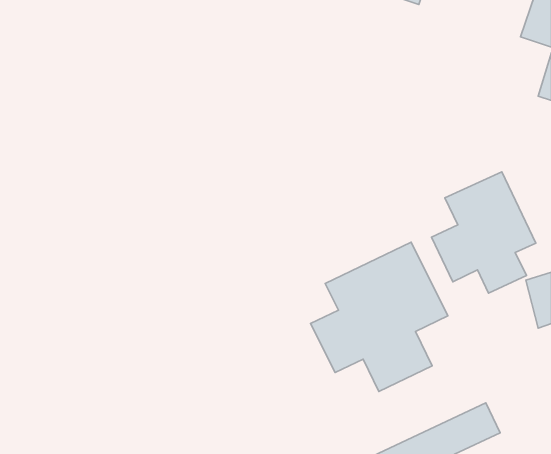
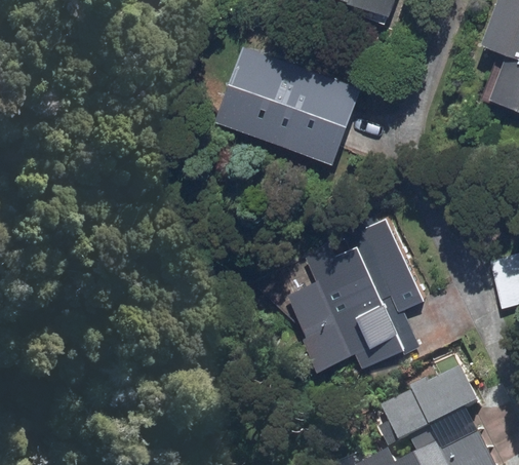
building: none -> [221,50,358,154]
building: [431,172,536,293] -> none

